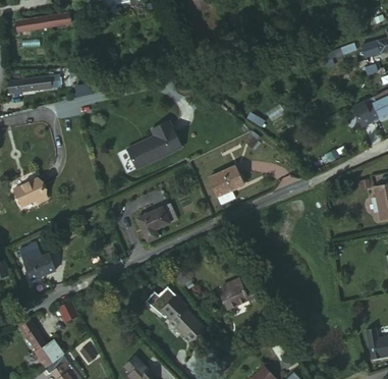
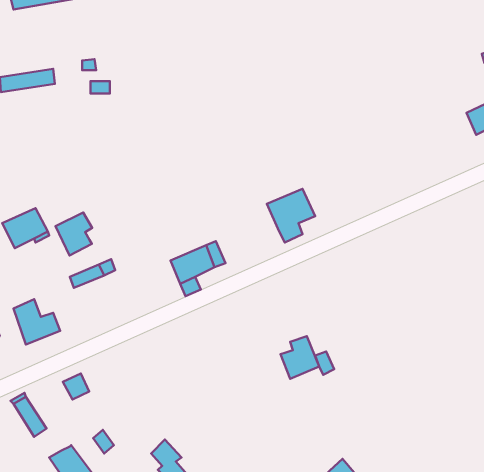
building: [128,117,183,165] -> none
building: none -> [55,212,92,255]
building: [154,285,203,339] -> none
building: [35,340,61,366] -> none

